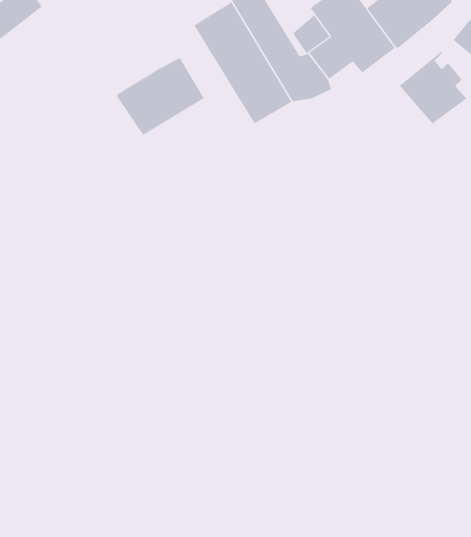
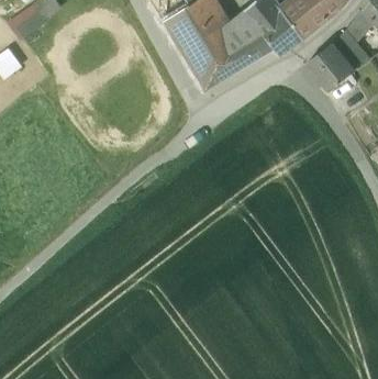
building: [116,57,205,135] -> none

